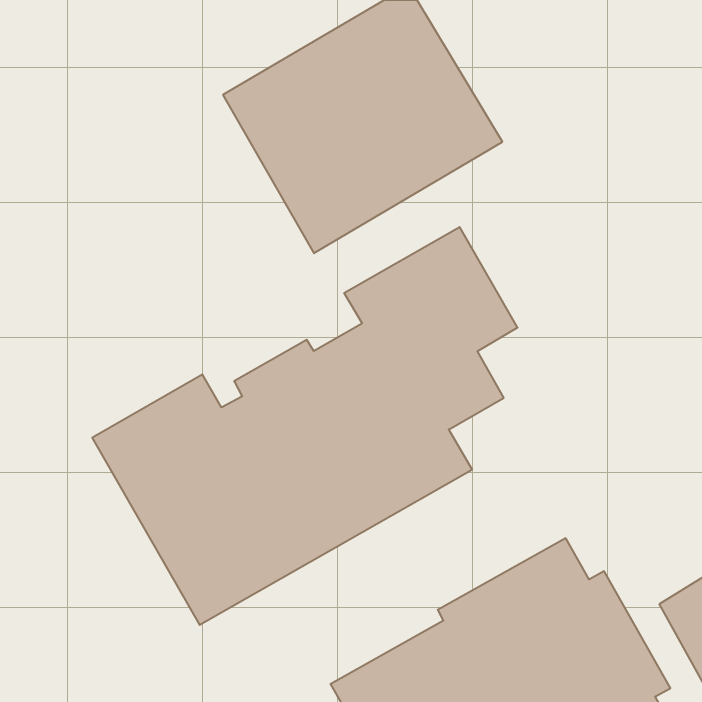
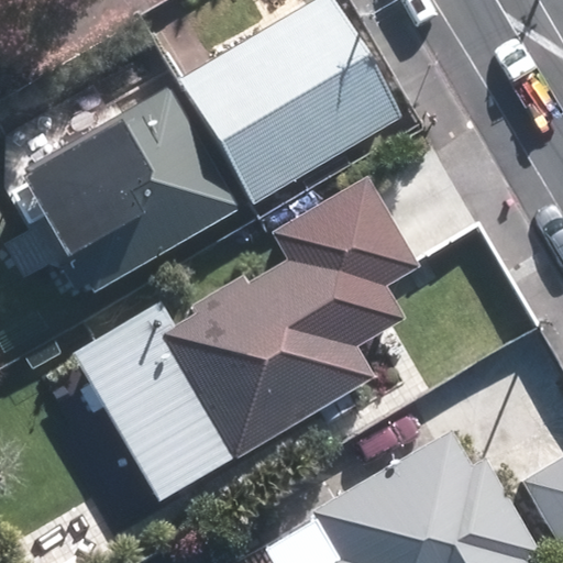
building: none -> [22,87,239,294]

